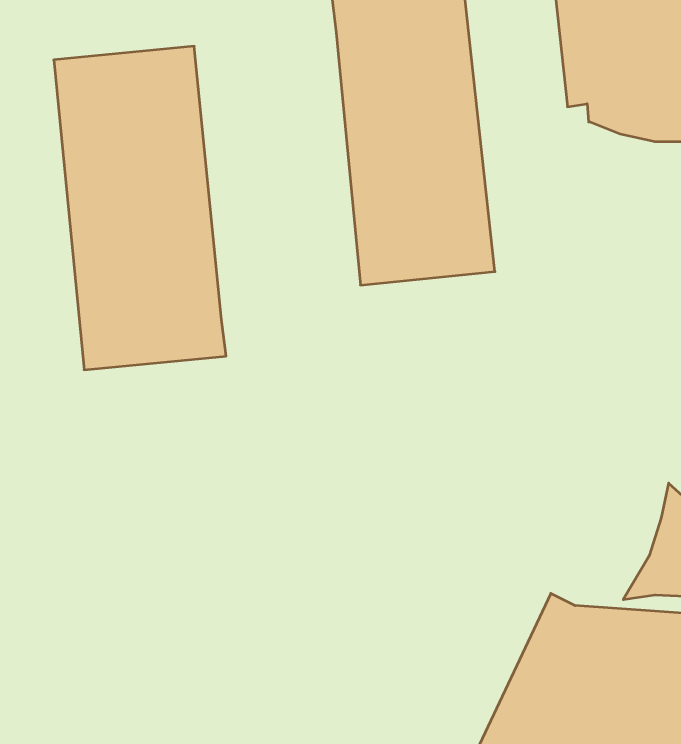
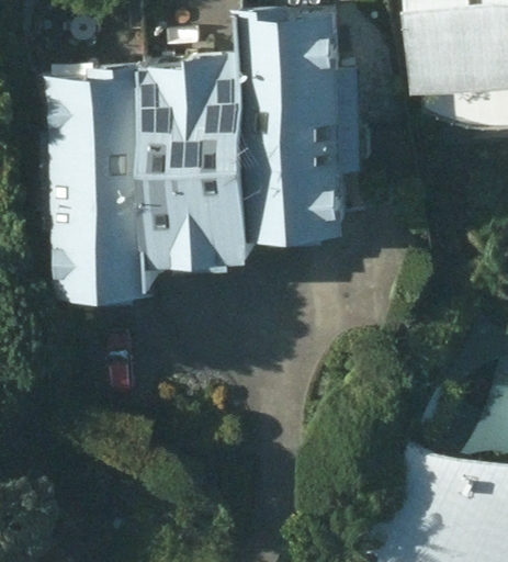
building: none -> [151,44,273,252]

